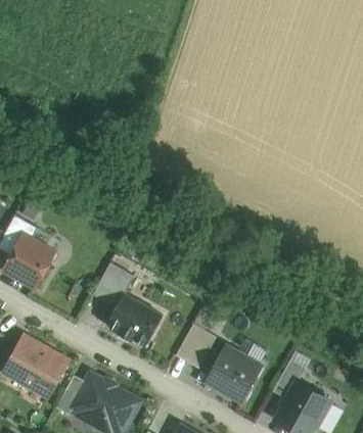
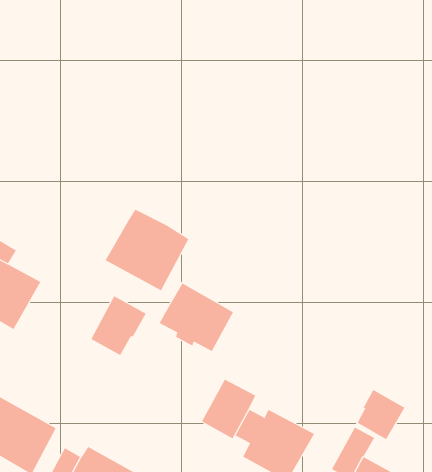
building: none -> [105,209,189,291]
building: [106,292,163,344] -> [159,282,234,352]
building: none -> [357,389,405,440]

